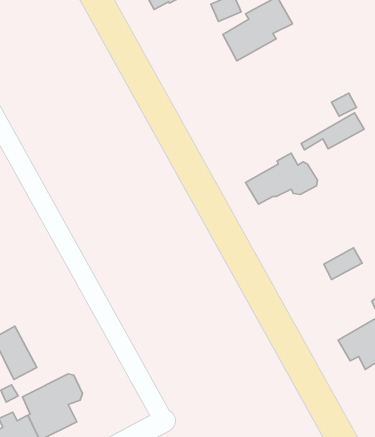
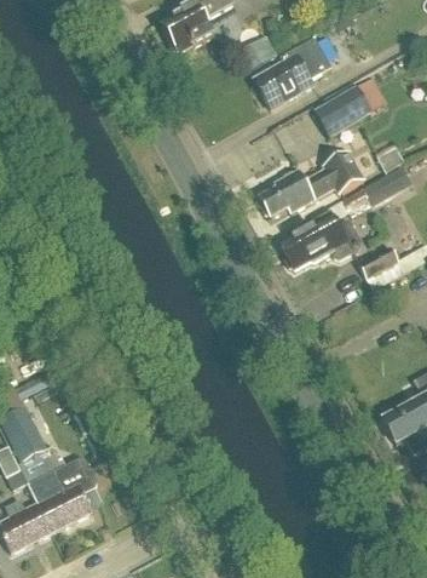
building: none -> [312,85,371,137]
building: none -> [258,150,363,217]
building: [324,248,362,279] -> [356,246,398,281]

